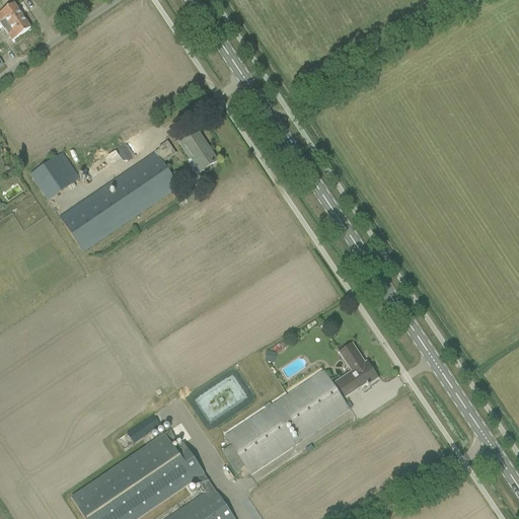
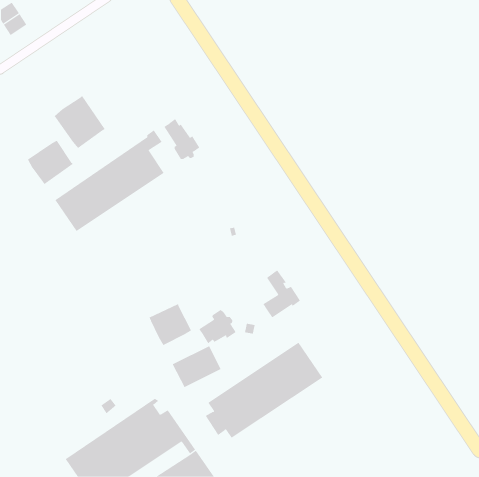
building: none -> [54,95,105,149]
building: none -> [149,304,192,346]
building: none -> [198,309,236,345]
building: [336,343,377,395] -> [262,269,301,318]

